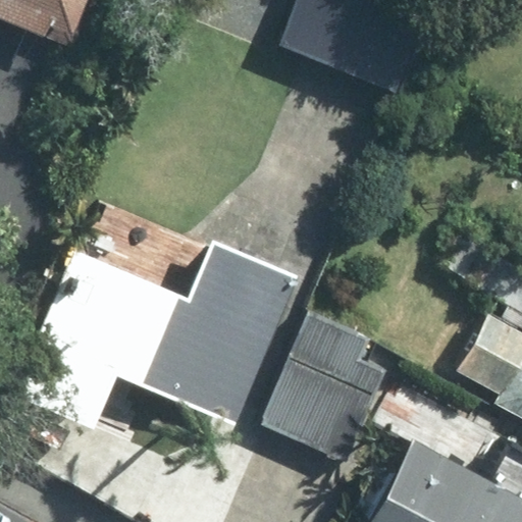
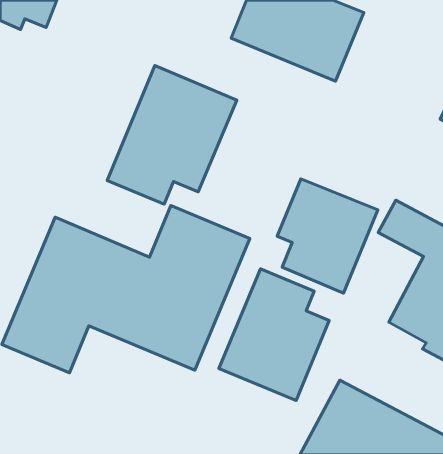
building: none -> [107,66,237,204]
building: none -> [277,179,378,293]

